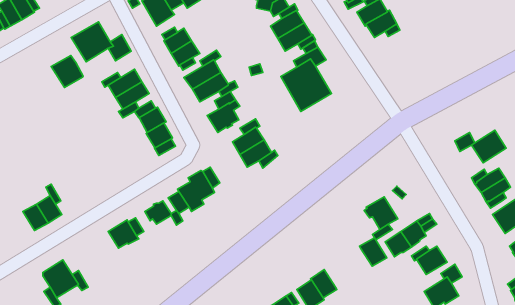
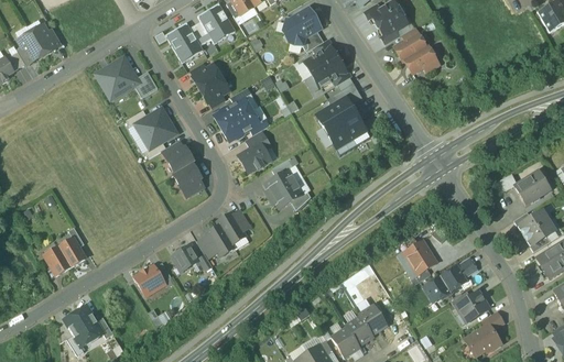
building: [51,55,83,87] -> none
building: [360,238,387,266] -> [358,304,387,333]

